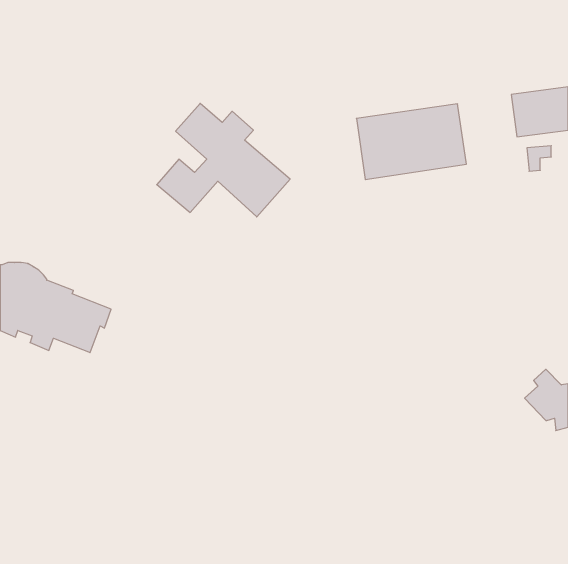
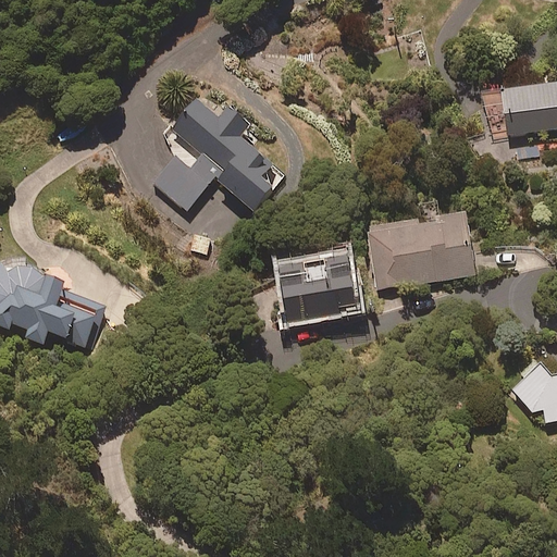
building: [356,104,466,180] -> [366,215,473,289]
building: none -> [277,255,354,323]

